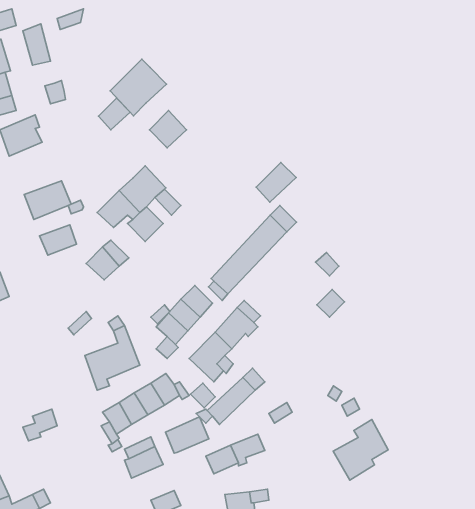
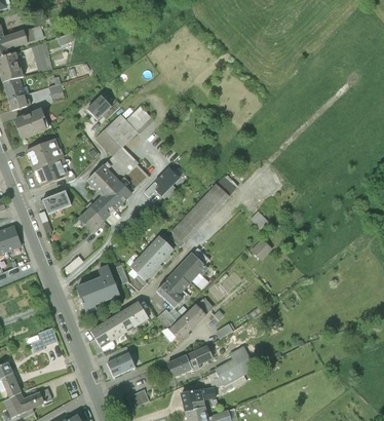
building: [110,59,167,116] -> [95,114,138,156]
building: none -> [26,140,62,168]
building: [256,162,296,202] -> [149,166,179,196]
building: none -> [97,184,122,216]
building: [165,417,209,453] -> none
building: [333,419,388,480] -> [215,346,256,391]

